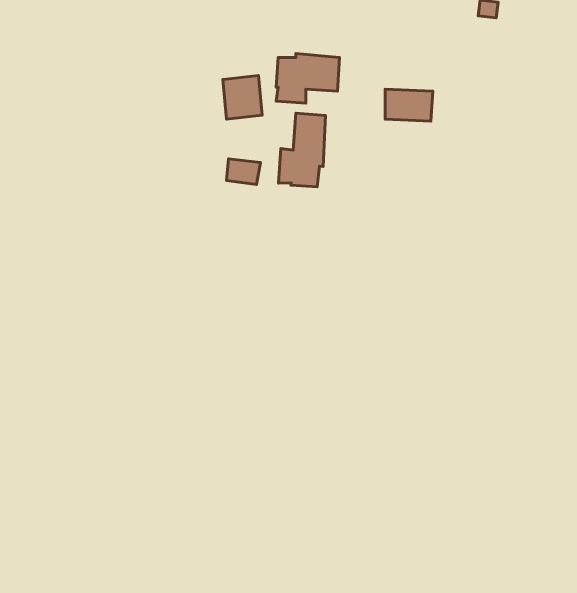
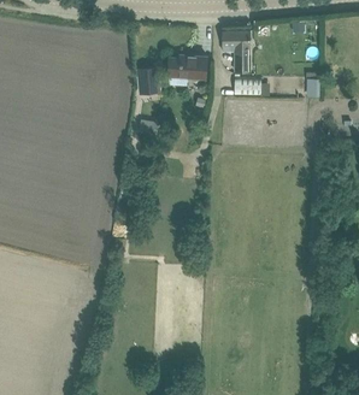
building: none -> [223,30,251,72]
building: [279,113,325,187] -> none

